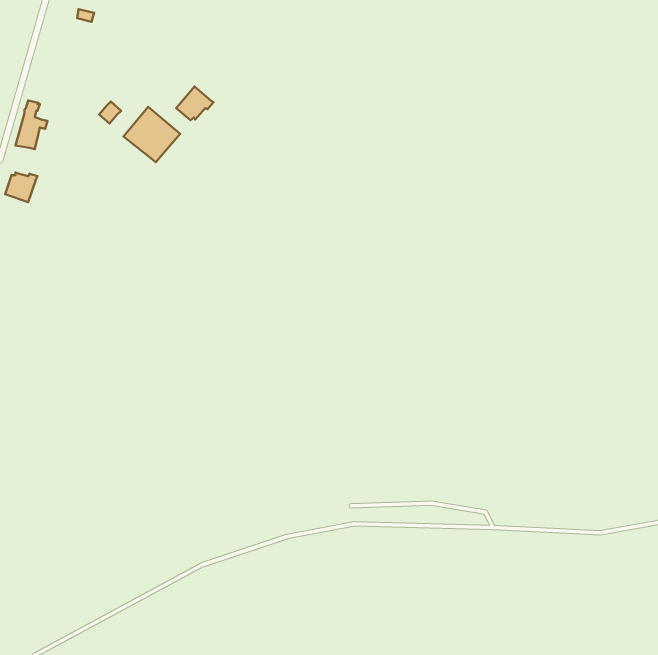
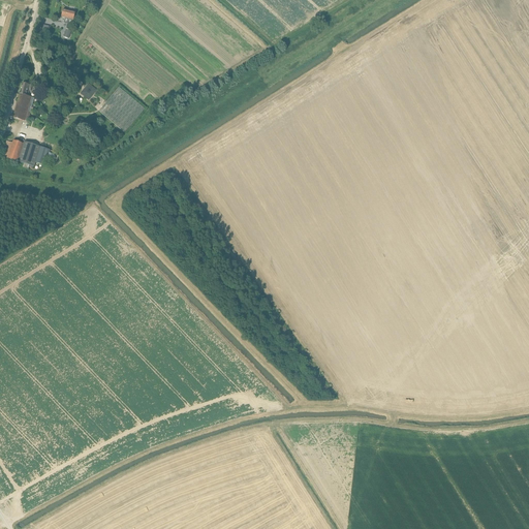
building: [176,87,214,120] -> none
building: none -> [23,142,58,165]

